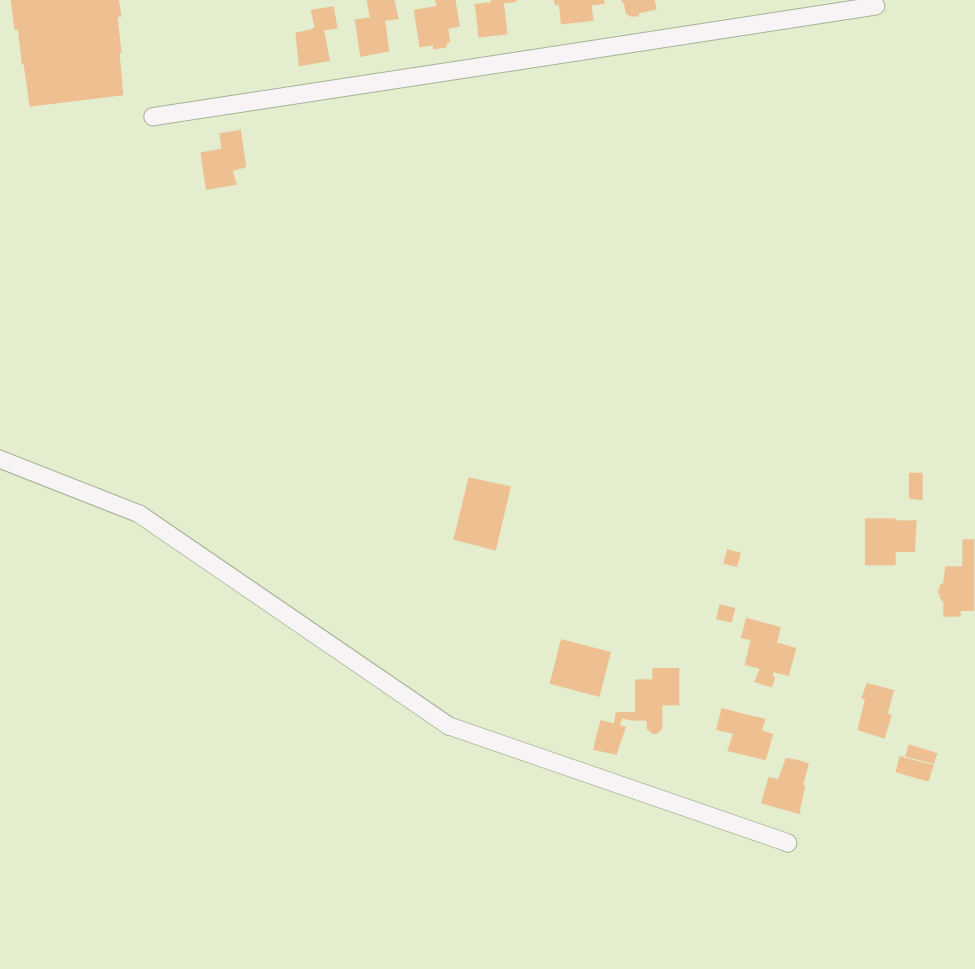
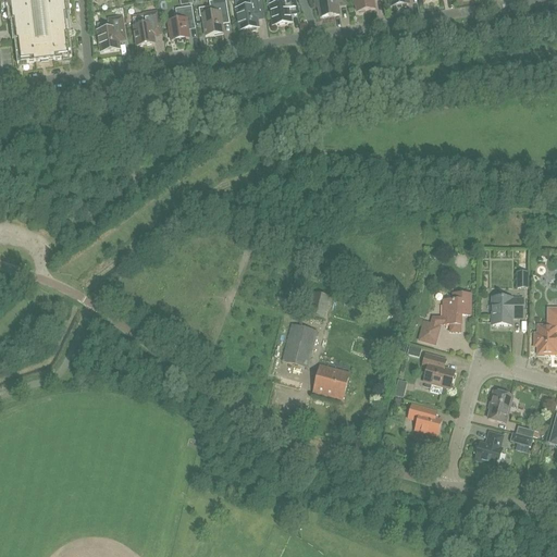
building: none -> [132,9,160,44]
building: [199,129,247,190] -> [97,14,124,49]
building: [452,477,512,551] -> [282,322,315,364]
building: [592,668,680,755] -> [419,290,469,341]
building: [760,758,810,815] -> [474,430,503,462]

